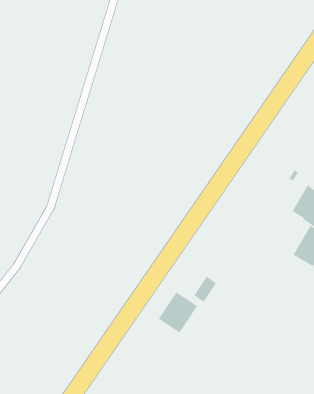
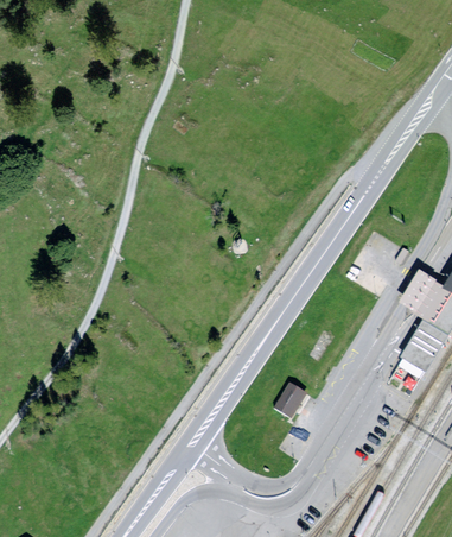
building: [158,291,198,334] -> none

